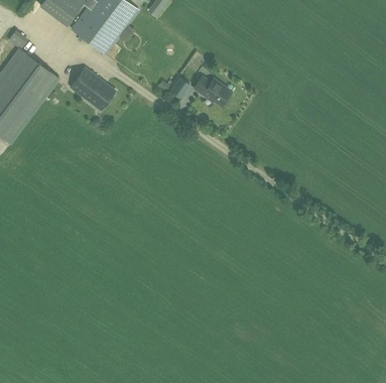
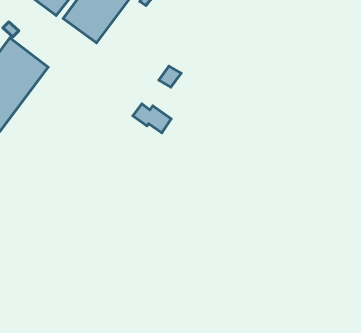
building: [70,67,115,110] -> none
building: [192,76,231,105] -> [133,104,171,133]

